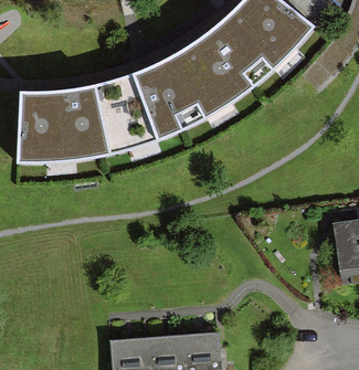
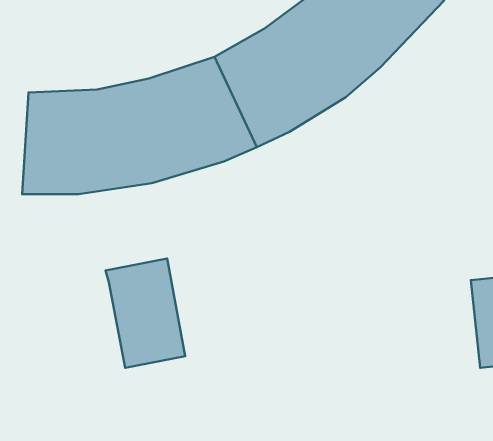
building: none -> [105,258,185,368]

